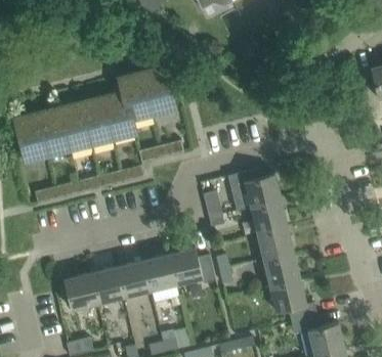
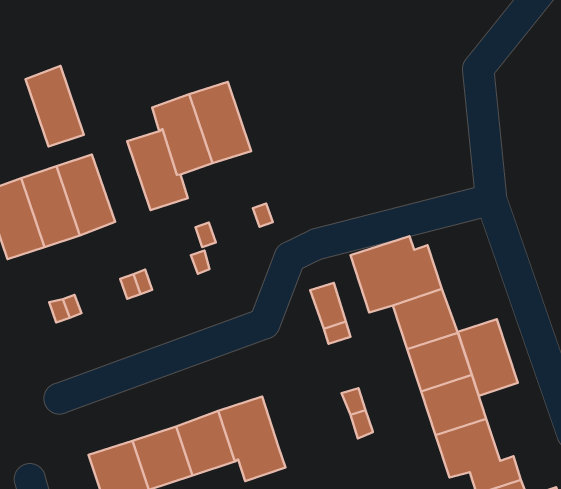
building: [81,96,113,143] -> [25,66,84,147]
building: none -> [458,319,518,396]
building: [169,248,216,284] -> none

